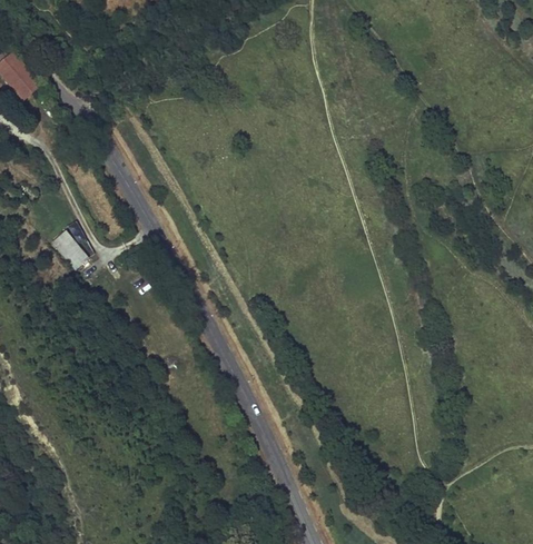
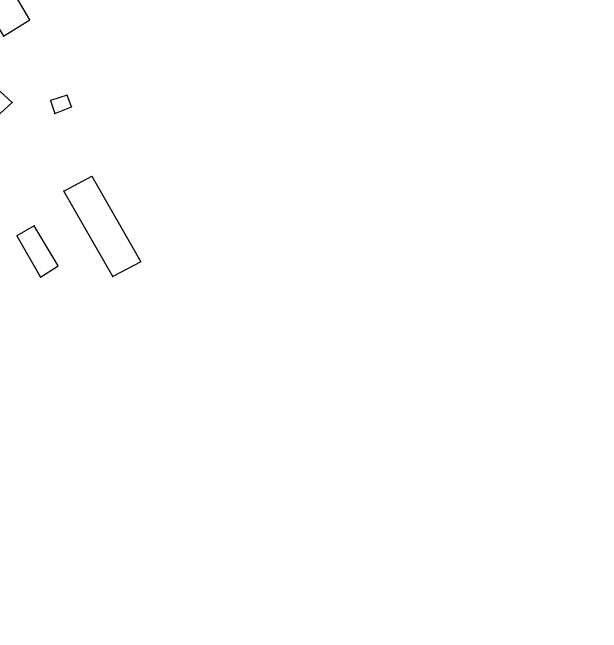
building: none -> [64,176,141,277]

